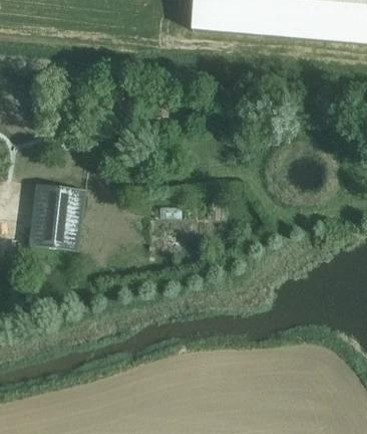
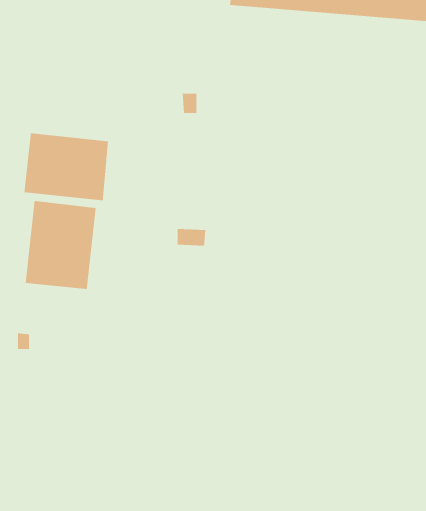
building: none -> [24,132,109,201]

